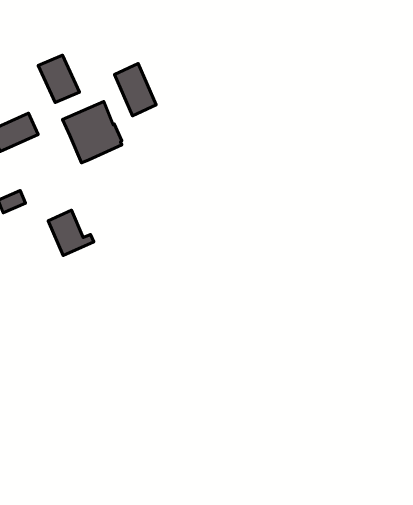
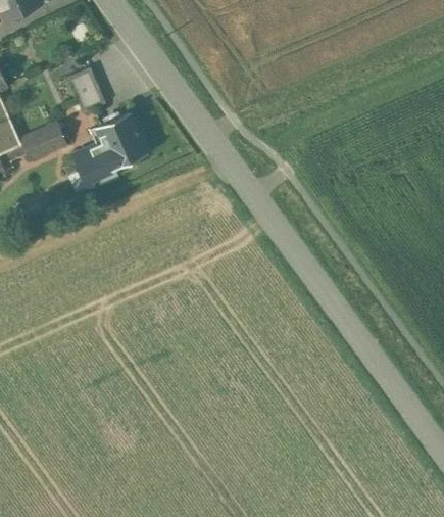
building: [114,63,156,116] -> none
building: [48,210,94,256] -> [73,143,117,187]

